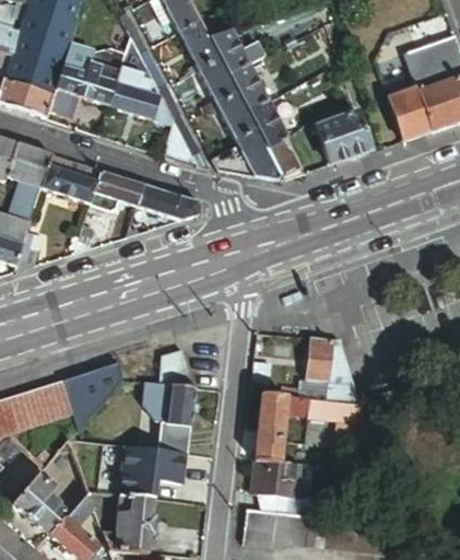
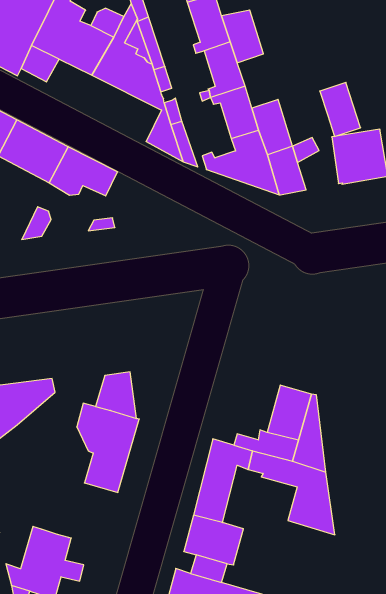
building: [228,62,268,109] -> [320,82,361,136]
building: [137,182,200,219] -> none
building: [121,444,188,495] -> none

